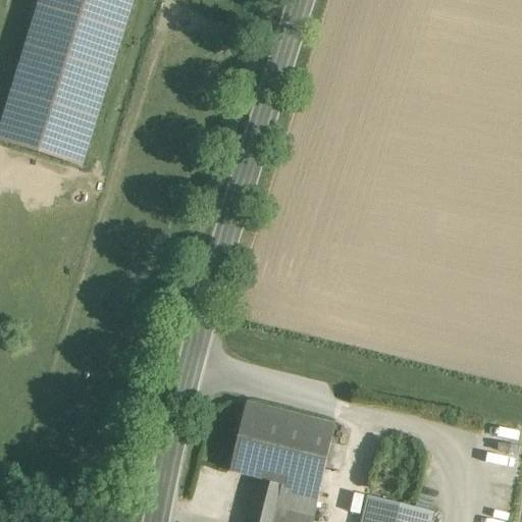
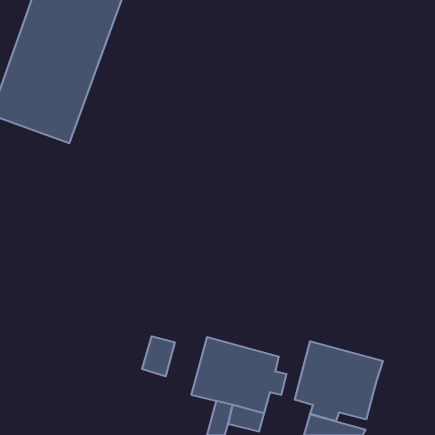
building: none -> [142,336,175,376]
building: none -> [295,341,383,421]

